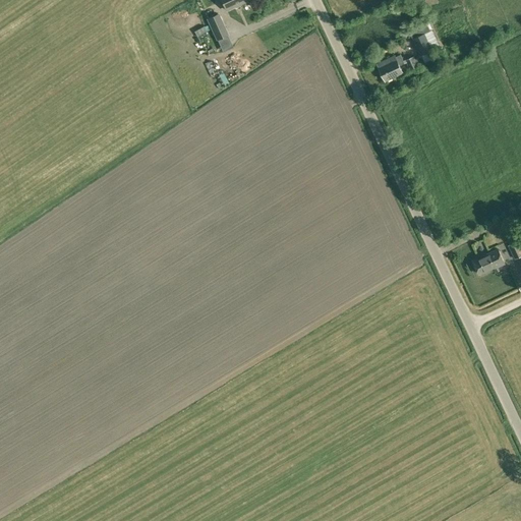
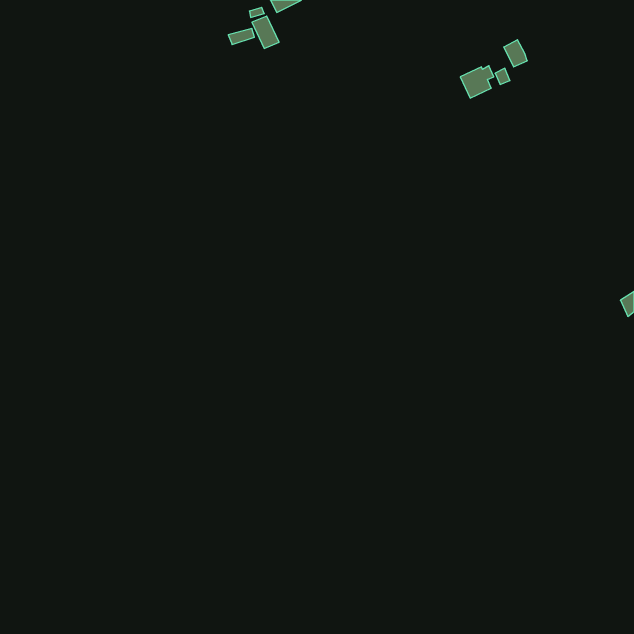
building: [474,249,506,275] -> none

